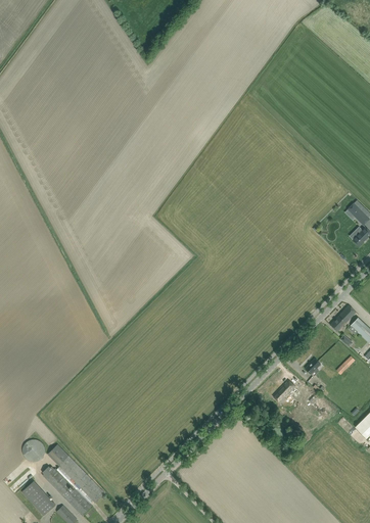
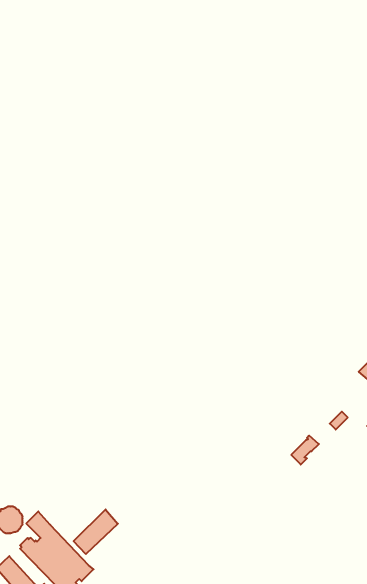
building: none -> [74,509,118,554]

